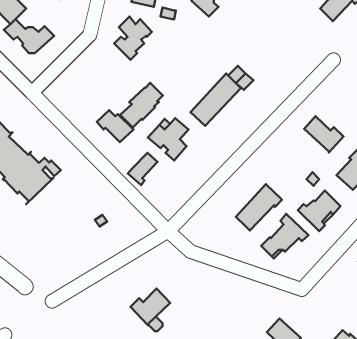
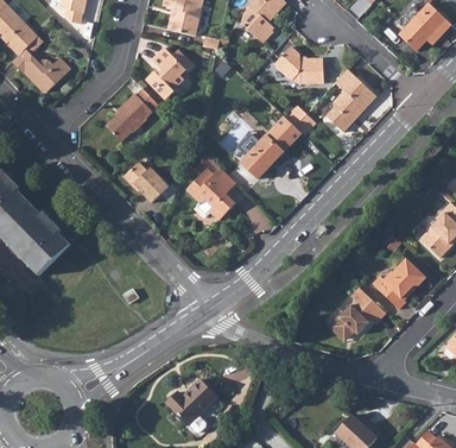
building: none -> [276,48,324,86]
building: none -> [327,70,378,134]
building: [120,83,163,127] -> [106,87,158,141]
building: [304,116,344,153] -> none
building: [128,153,158,185] -> none
building: [236,184,282,231] -> none

